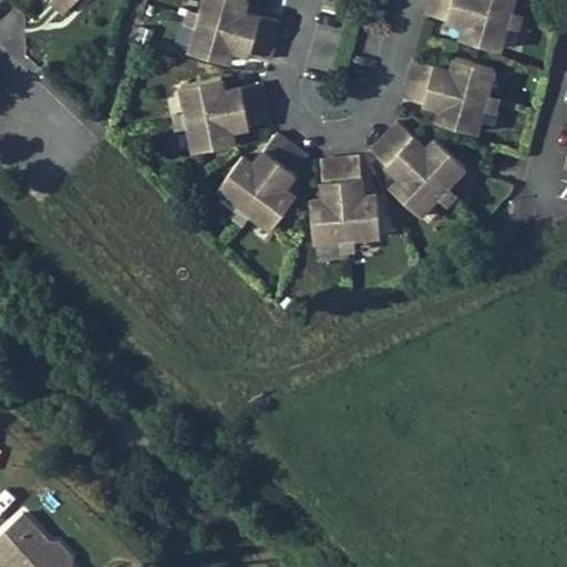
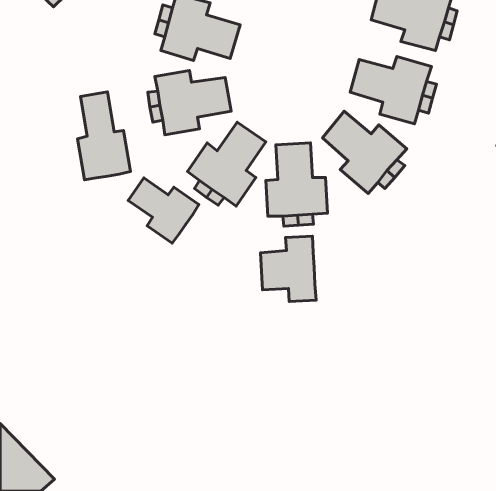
building: none -> [77,92,131,180]
building: none -> [128,178,199,243]
building: none -> [260,236,316,302]

